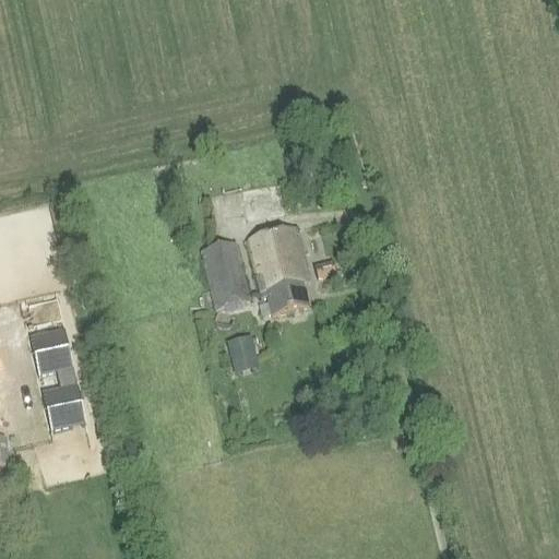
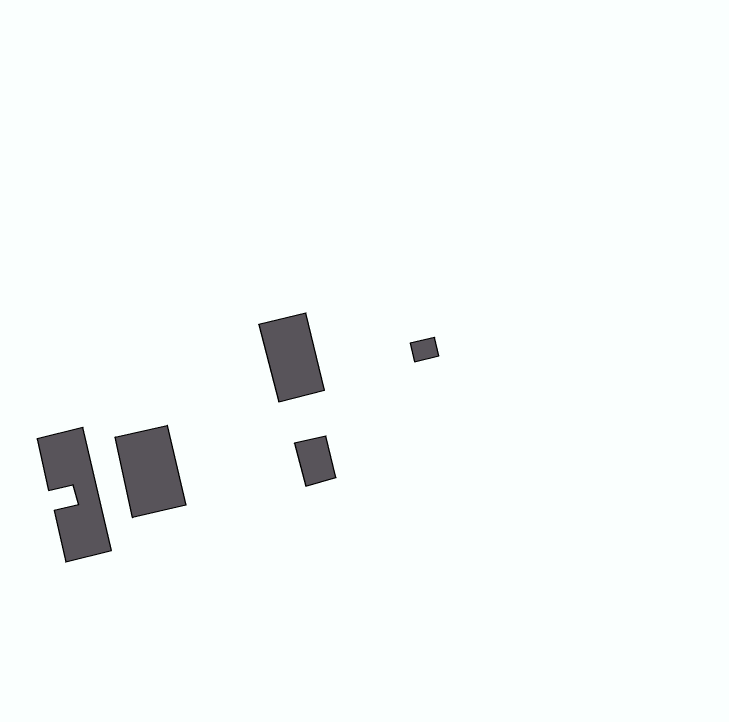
building: [246,224,311,314] -> none
building: none -> [115,425,186,518]

